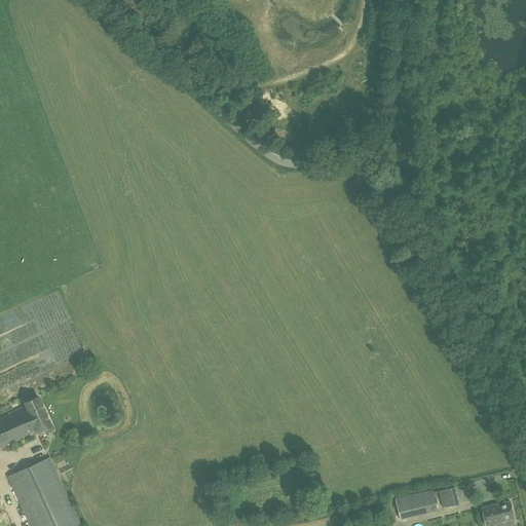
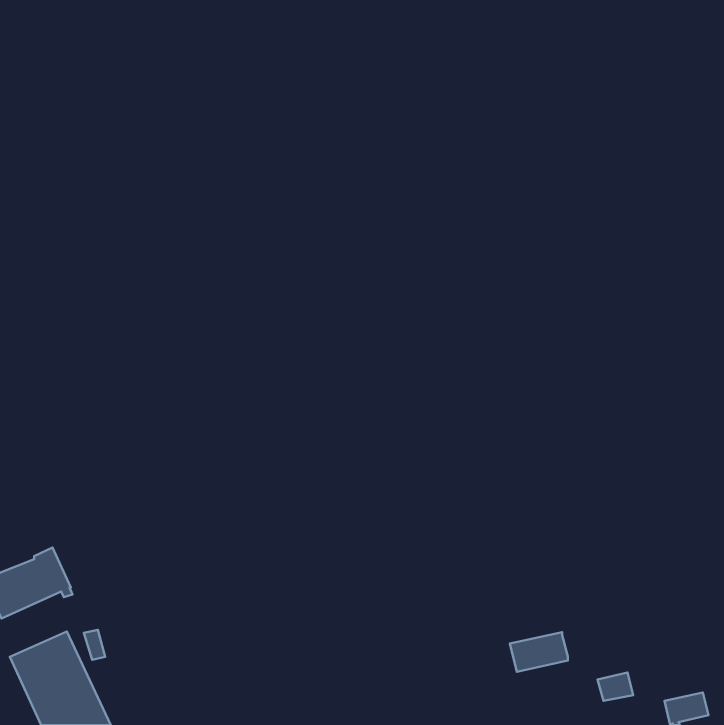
building: [394,490,437,519] -> [510,632,568,672]

